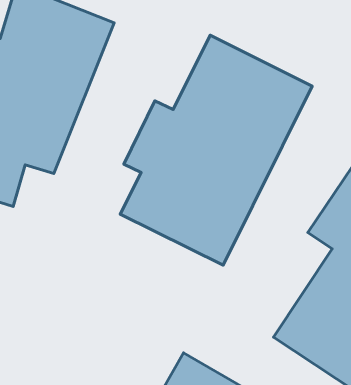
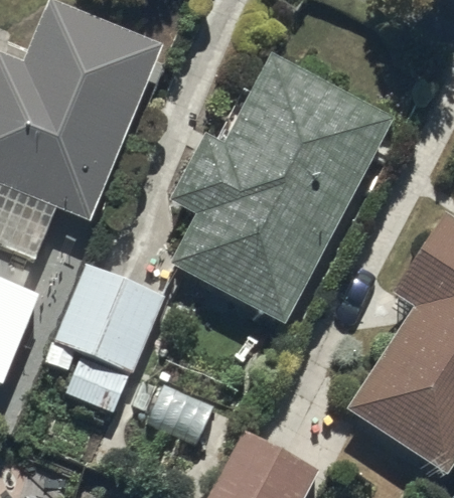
building: none -> [54,263,164,411]

